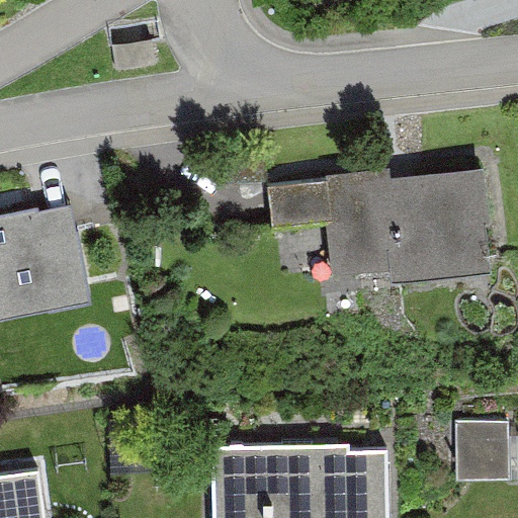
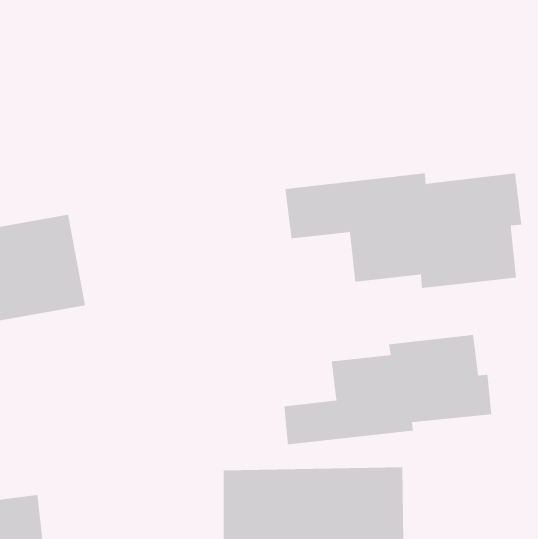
building: none -> [284,334,492,445]
building: [452,425,509,483] -> none

